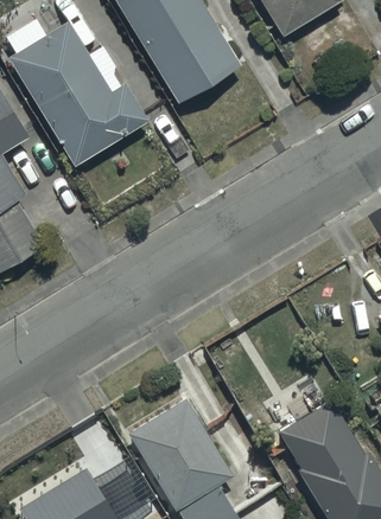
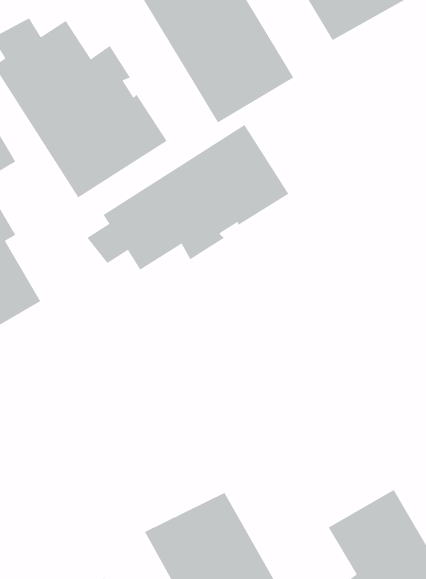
building: none -> [87,124,289,270]

